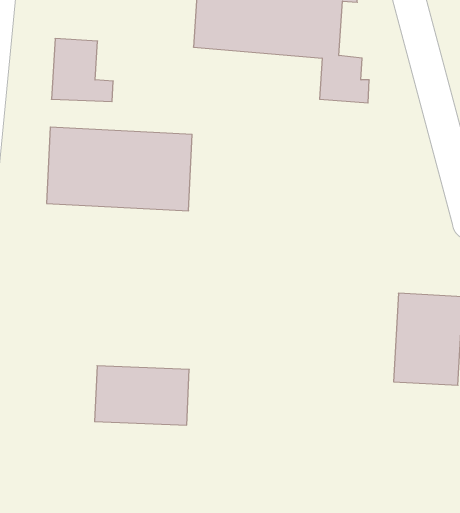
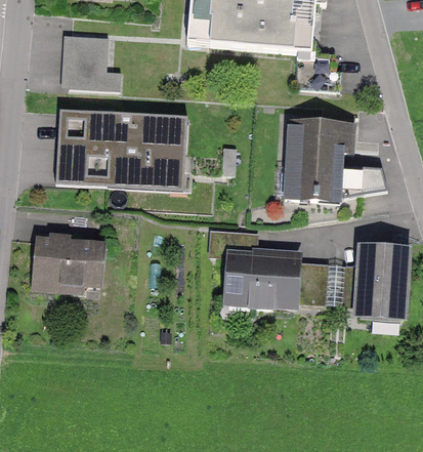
building: none -> [281,120,342,199]
building: none -> [223,254,301,311]
building: [95,366,189,425] -> [37,241,117,291]

